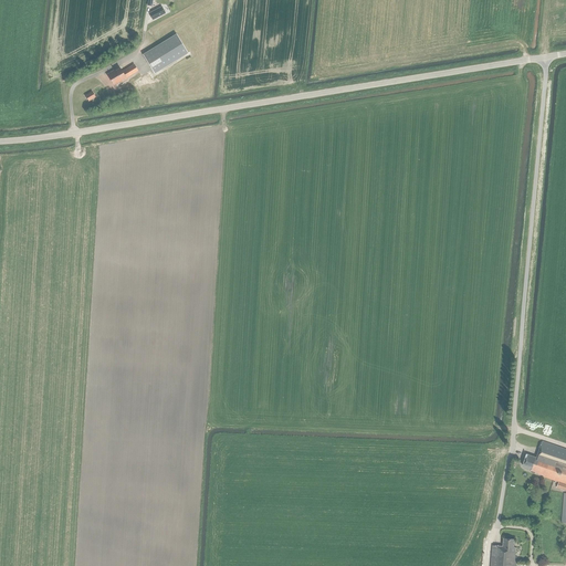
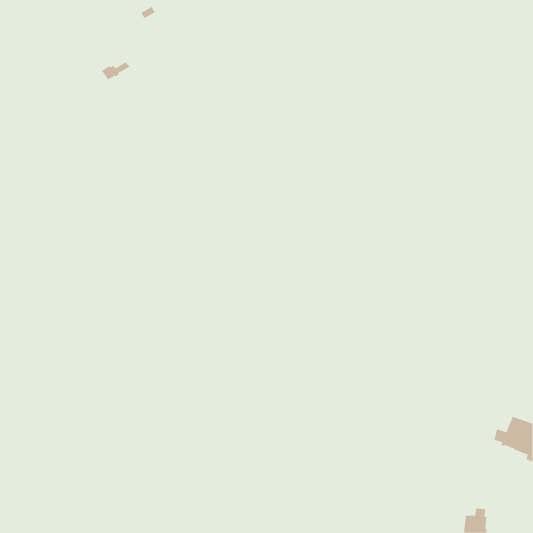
building: [143,34,188,73] -> none

